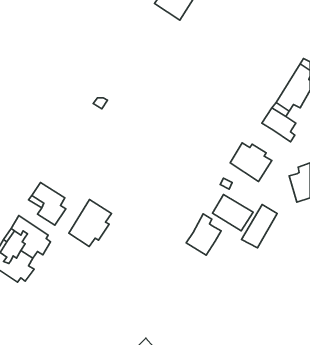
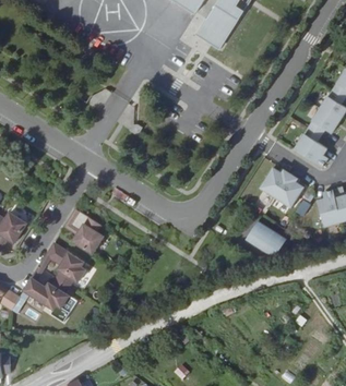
building: [69,200,111,247] -> none
building: [242,204,277,248] -> none
building: [186,214,221,255] -> none

